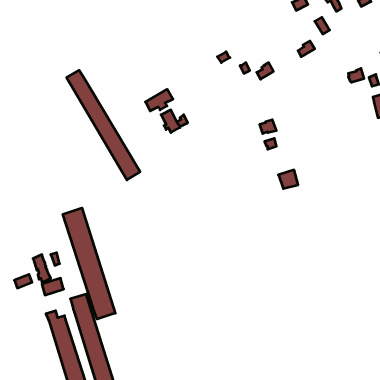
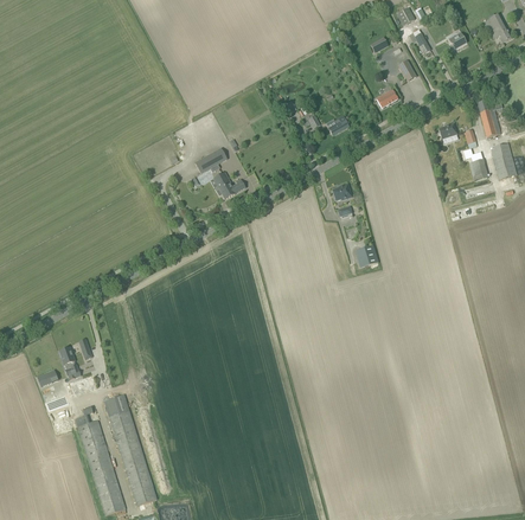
building: [67,70,140,180] -> none
building: [63,208,115,319] -> none

